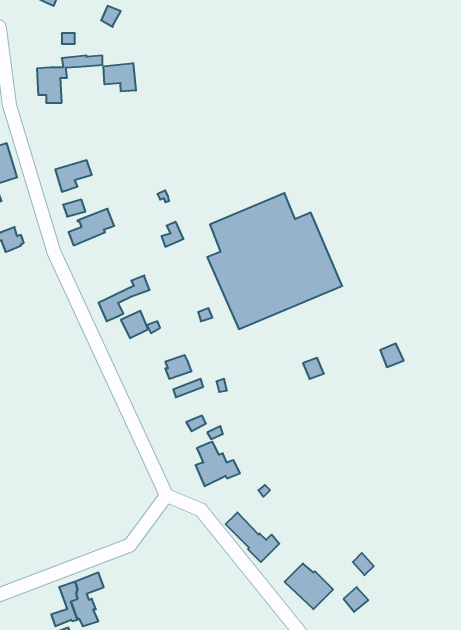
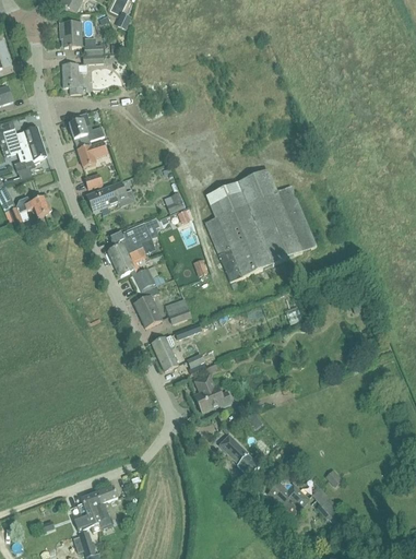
building: none -> [59,22,80,46]
building: [103,63,136,91] -> none
building: none -> [68,114,103,140]
building: none -> [108,223,151,260]
building: none -> [133,286,161,328]
building: none -> [151,335,177,370]

